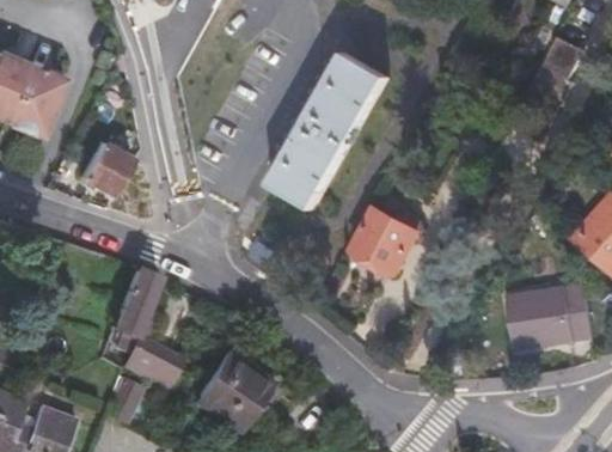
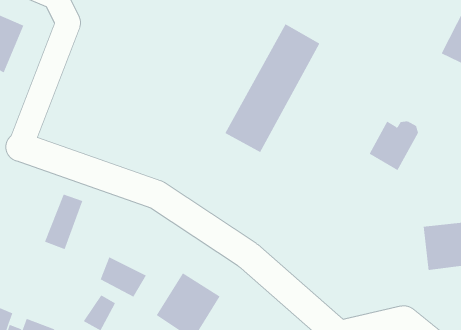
building: [7,56,66,128] -> none
building: [75,140,129,194] -> none
building: [361,210,421,270] -> [369,121,419,171]
building: [108,267,154,334] -> [44,194,83,250]

